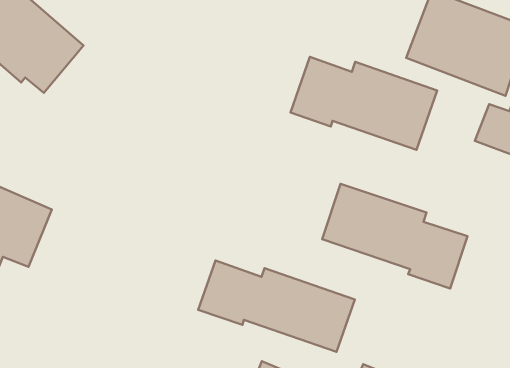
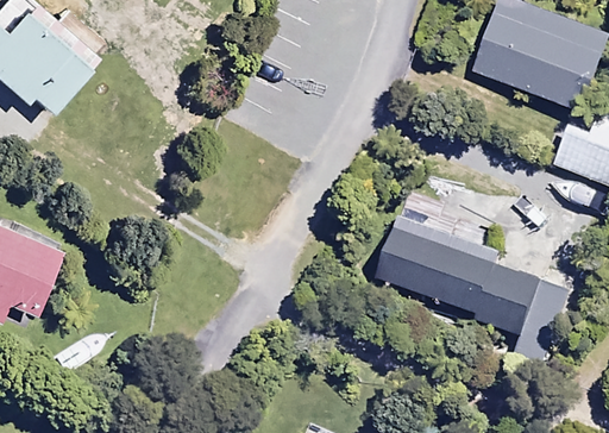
building: [290,57,437,150] -> none
building: [198,260,355,352] -> none

